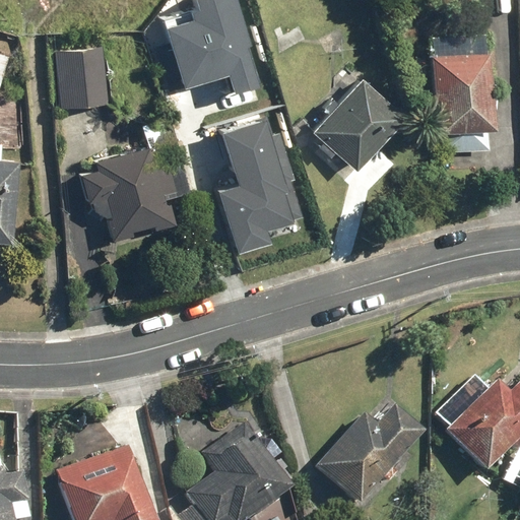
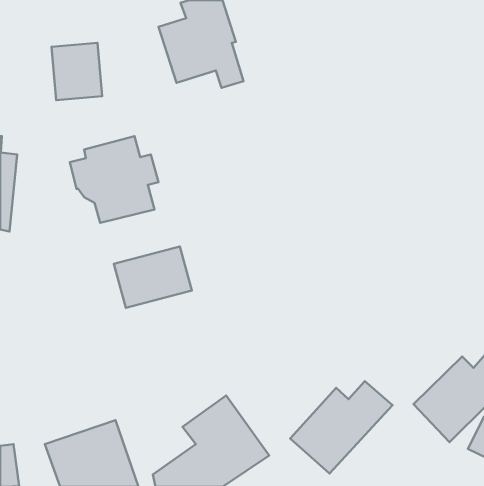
building: [431,32,493,151] -> none
building: [310,77,402,171] -> none
building: [225,123,306,254] -> none
building: none -> [114,247,192,308]

